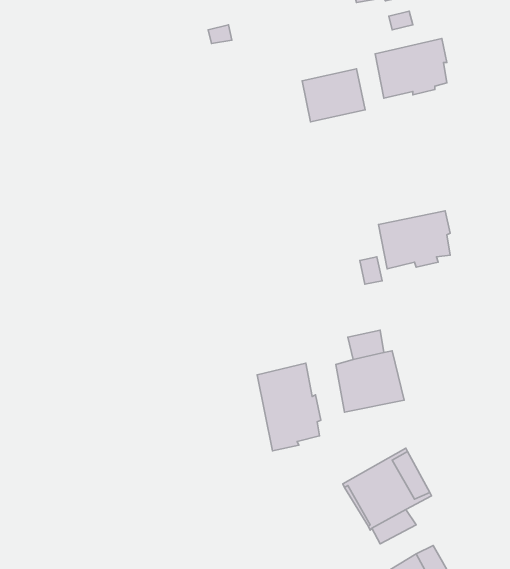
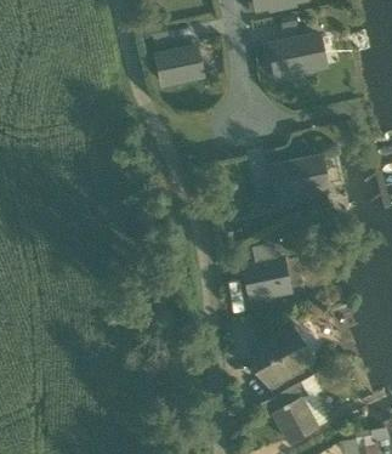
building: [302,69,365,122] -> [155,47,200,85]
building: [257,363,321,451] -> none

